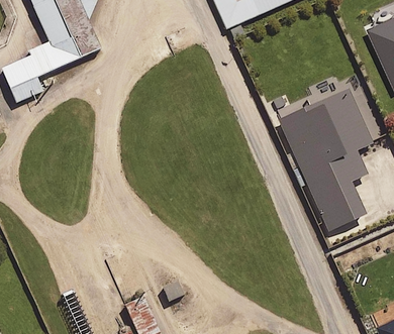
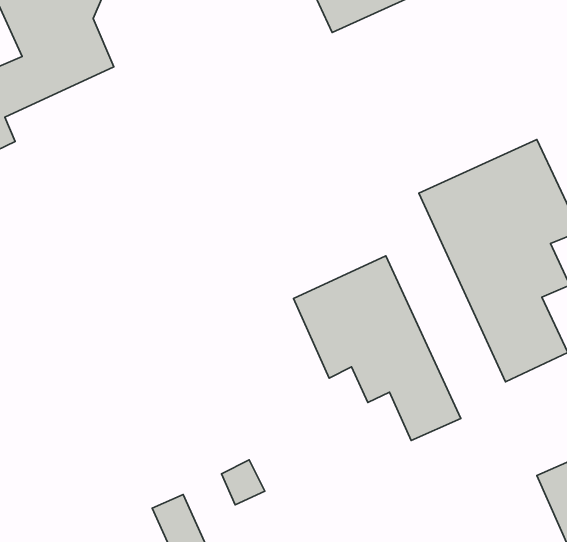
building: none -> [293,256,461,440]

